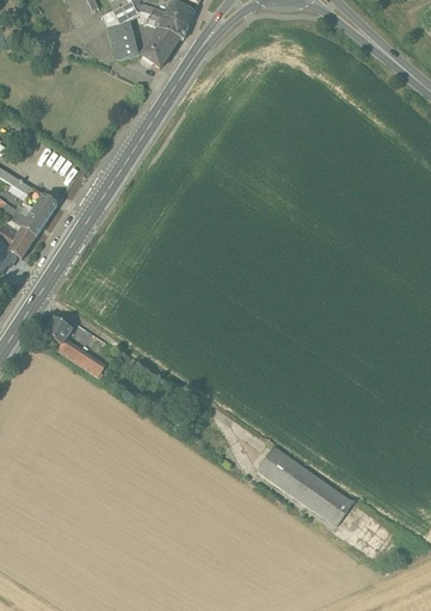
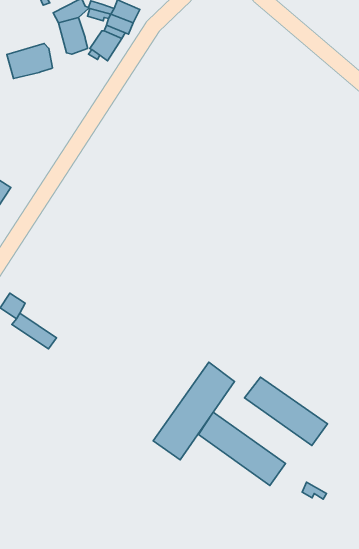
building: none -> [7,43,53,79]
building: none -> [153,362,234,460]
building: none -> [245,377,327,445]

